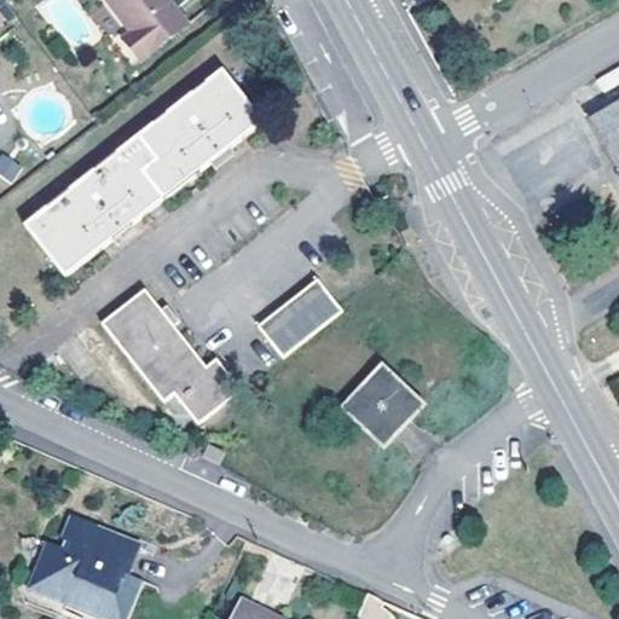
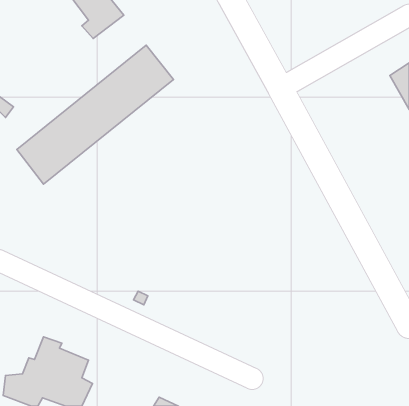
building: [258,274,341,353] -> none
building: [103,289,241,421] -> none
building: [341,363,418,441] -> none

